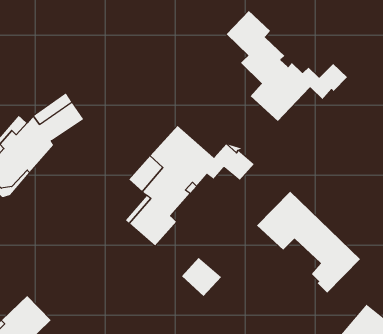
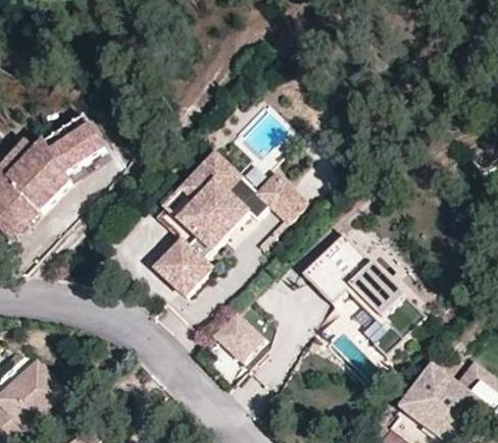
building: [226,10,348,122] -> none

